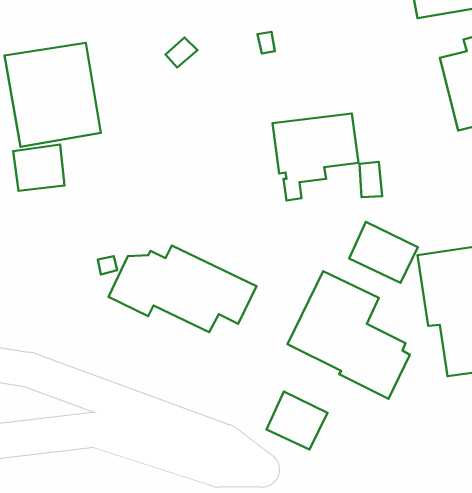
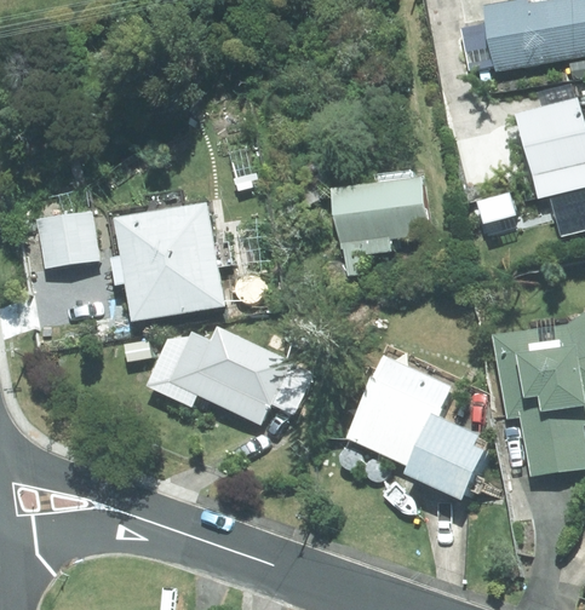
building: [4,43,101,147] -> [114,203,223,321]
building: [349,222,418,283] -> none
building: [267,391,327,449] -> none

